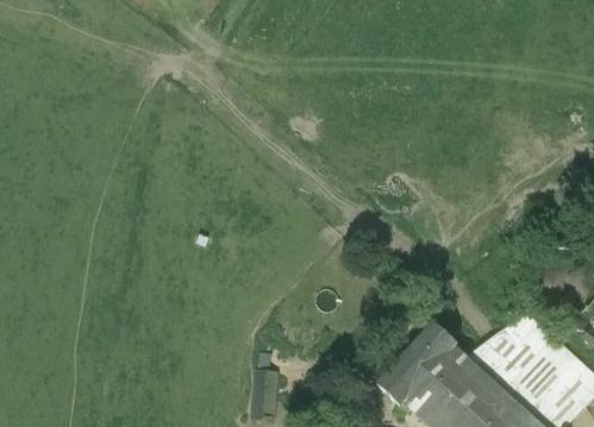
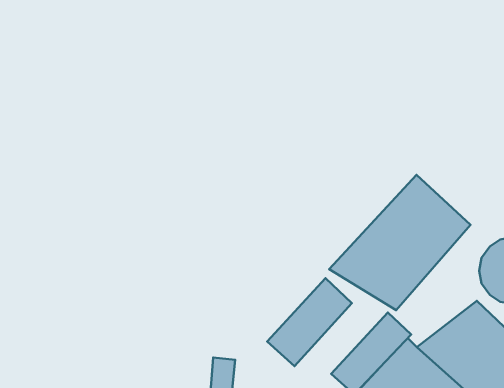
building: none -> [329,175,470,310]
building: none -> [267,278,352,366]

